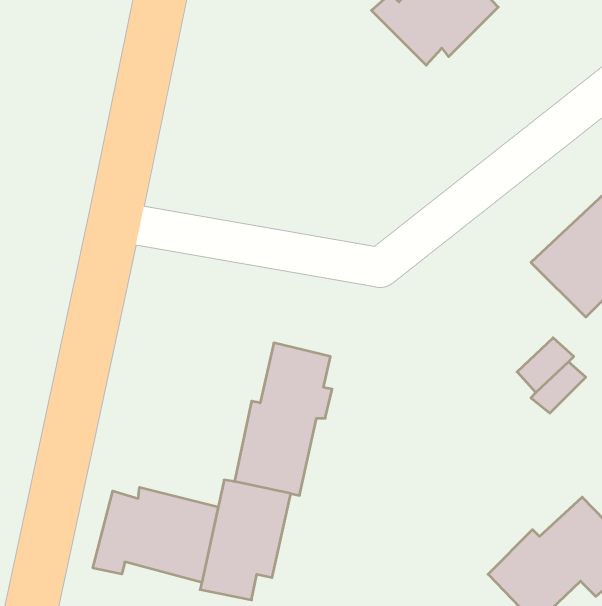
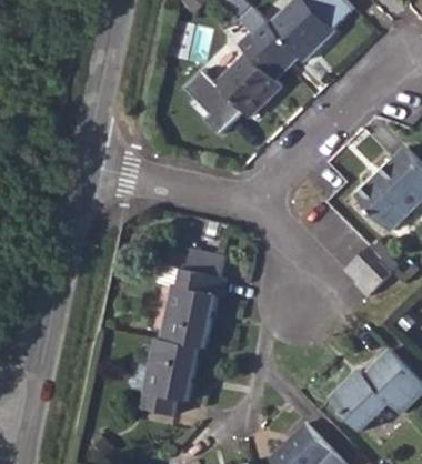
building: none -> [183,32,287,133]
building: [93,487,218,582] -> none

